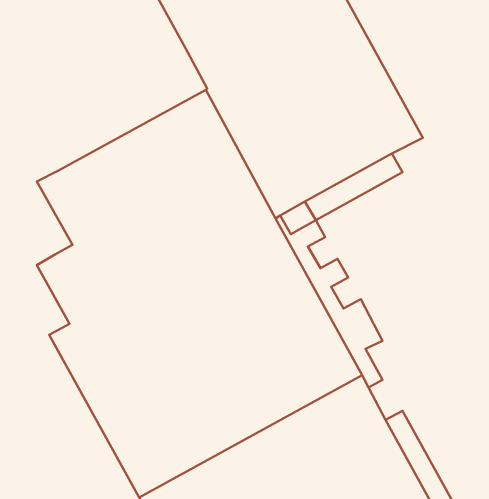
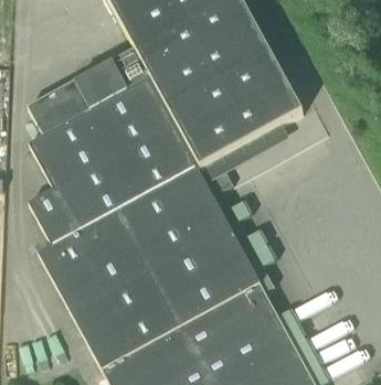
building: none -> [28,50,150,137]

